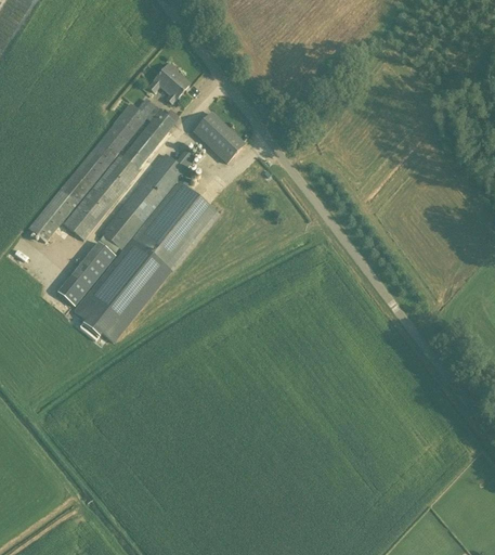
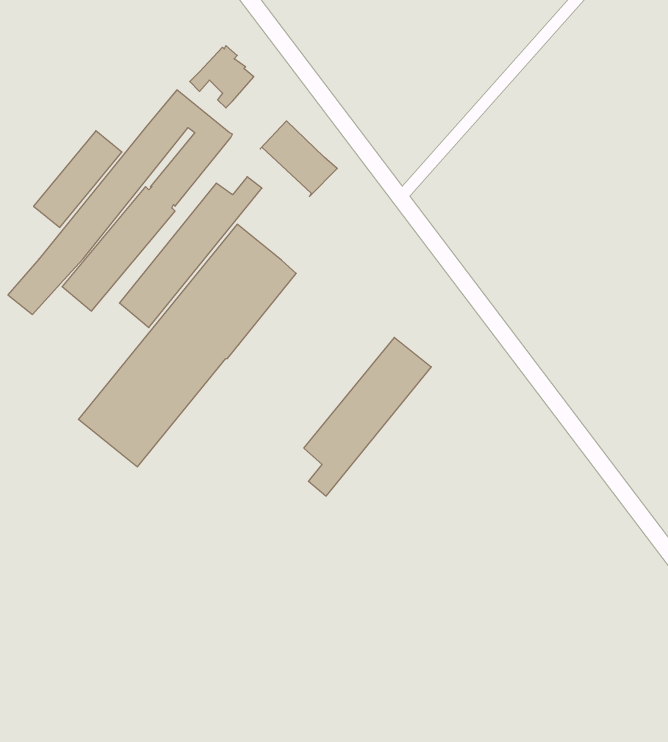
building: [56,242,115,306] -> [34,131,122,227]
building: none -> [304,337,431,496]

